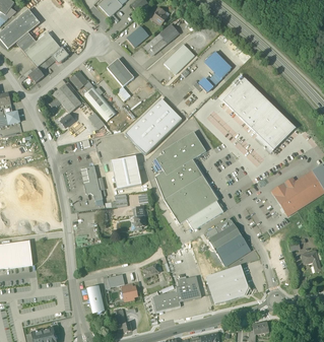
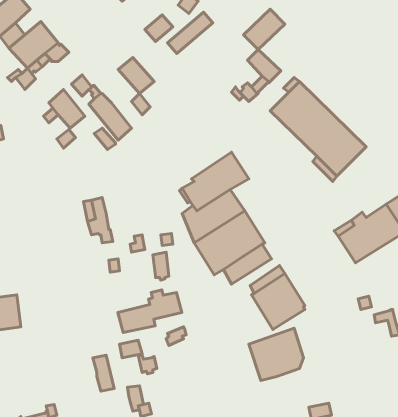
building: [164,44,195,74] -> [244,9,285,49]
building: [125,98,182,154] -> none
building: [111,156,141,190] -> none
building: [152,279,201,312] -> [118,290,182,333]

